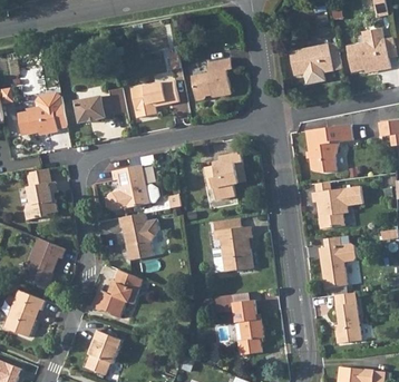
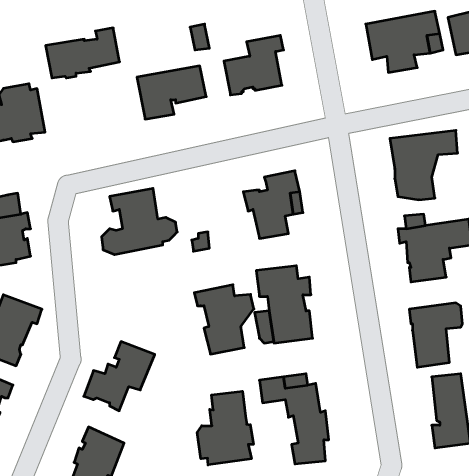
building: [75,88,126,123] -> [46,28,120,78]
building: [118,213,159,261] -> [194,285,254,354]
building: none -> [197,391,253,465]

